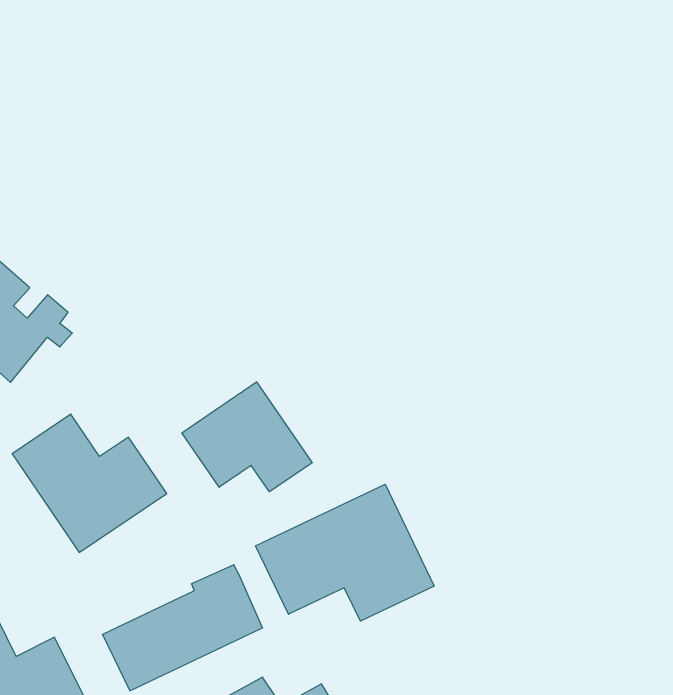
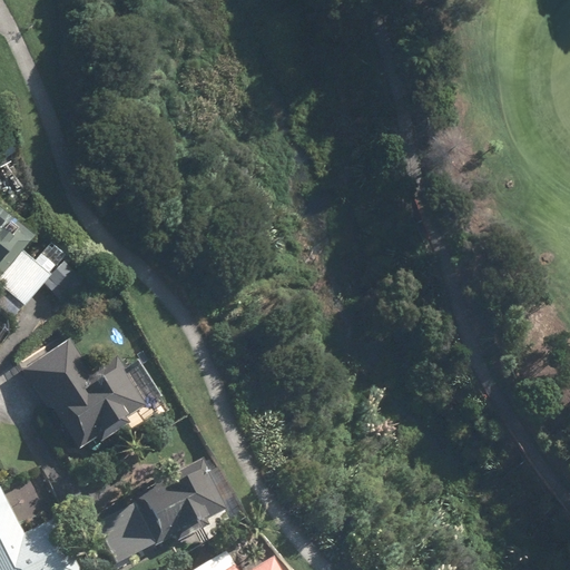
building: [182,382,312,492] -> none
building: [256,484,434,621] -> none

